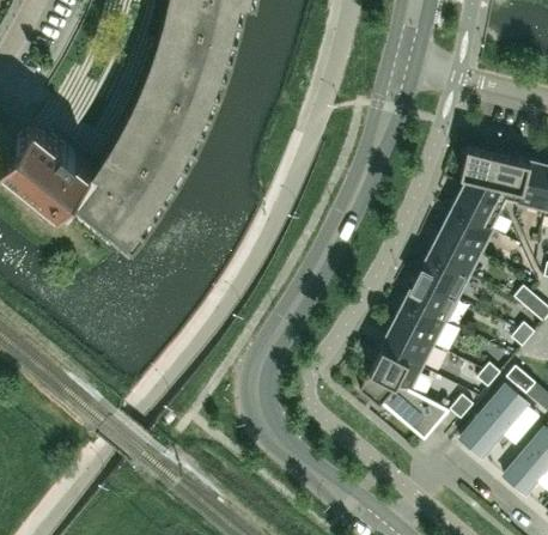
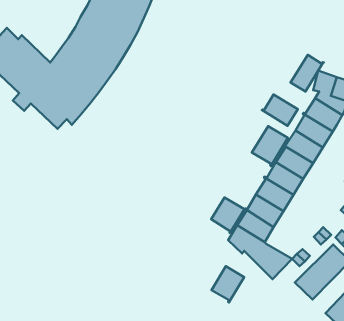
building: none -> [290,55,324,92]
building: none -> [262,95,298,126]
building: none -> [252,126,288,166]
building: none -> [211,197,244,233]
building: none -> [211,266,244,302]

